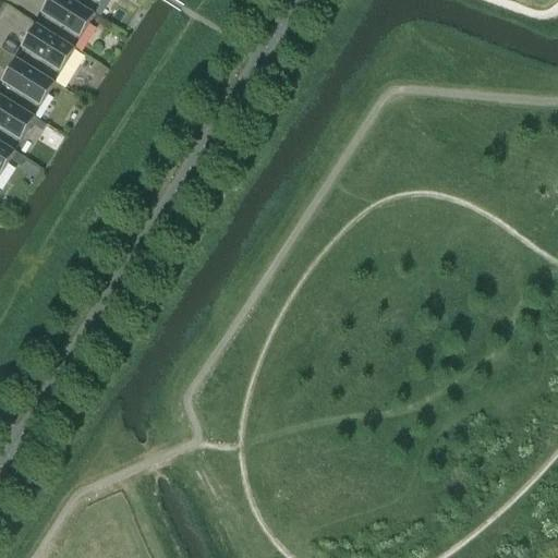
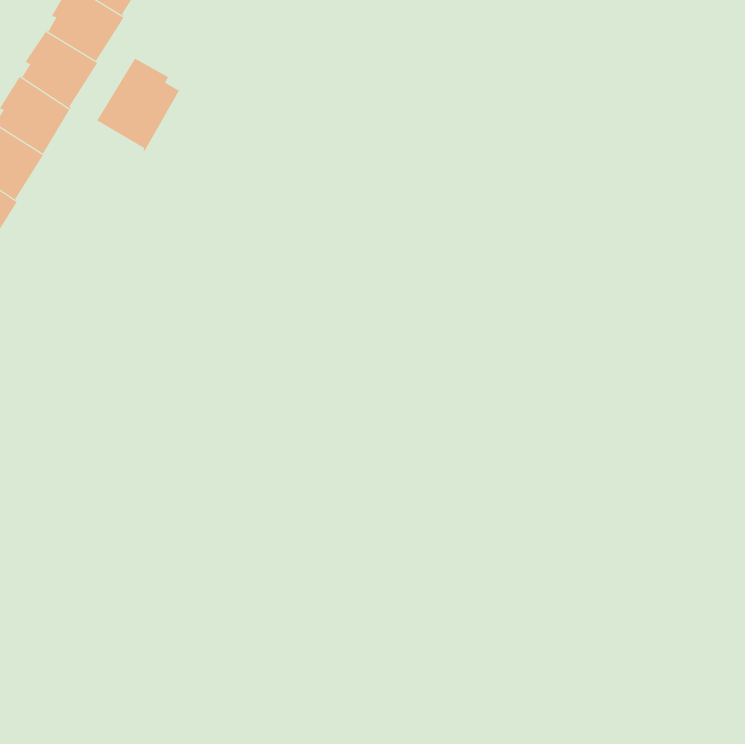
building: none -> [96,58,181,151]

